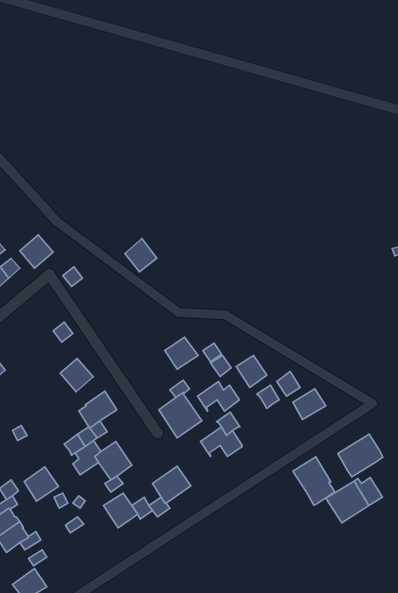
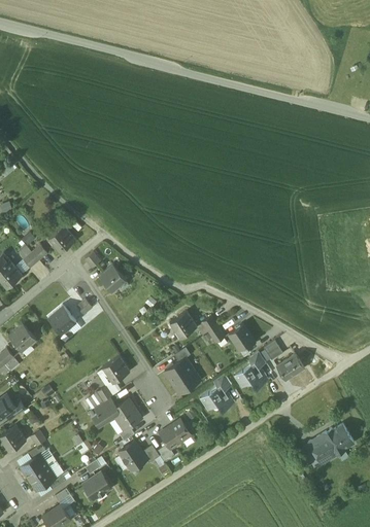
building: [125,239,157,272] -> [98,264,125,291]
building: [60,358,93,392] -> [47,306,75,333]
building: [198,382,239,411] -> [233,363,268,388]
building: [338,434,383,477] -> none
building: [293,457,335,505] -> none
building: [24,467,59,501] -> [82,471,111,500]

